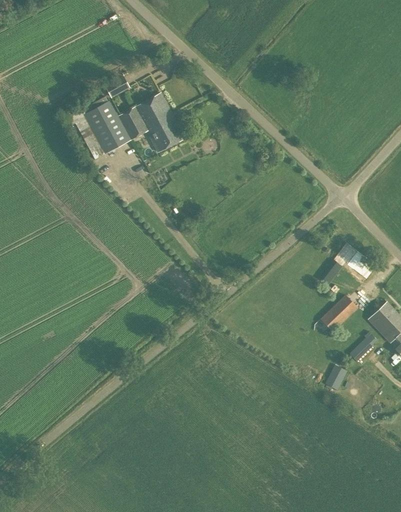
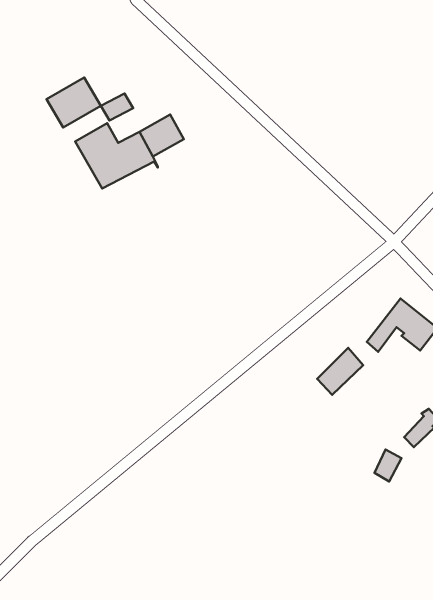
building: none -> [47,77,101,128]
building: [145,113,184,152] -> none
building: [319,294,356,332] -> [317,348,363,395]

